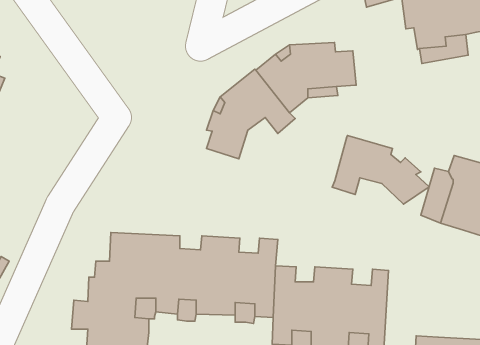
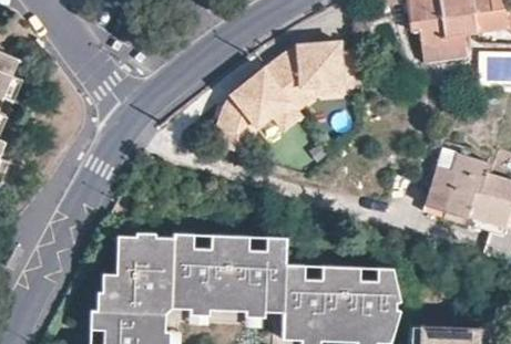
building: [332,136,429,204] -> none

